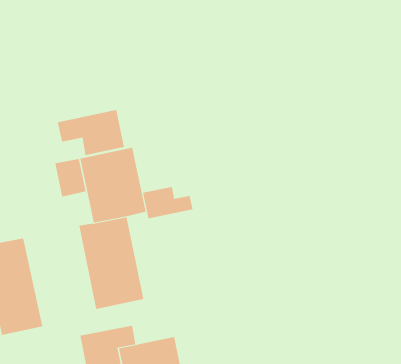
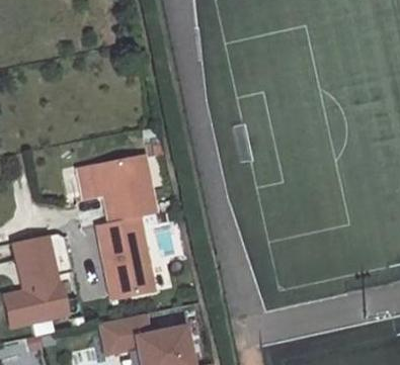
building: [57,109,125,156] -> none
building: [142,186,193,219] -> none

